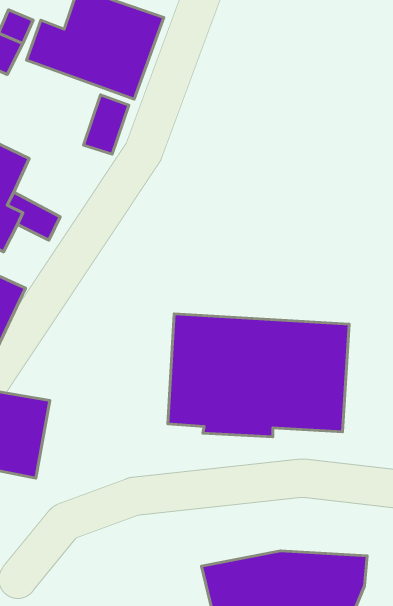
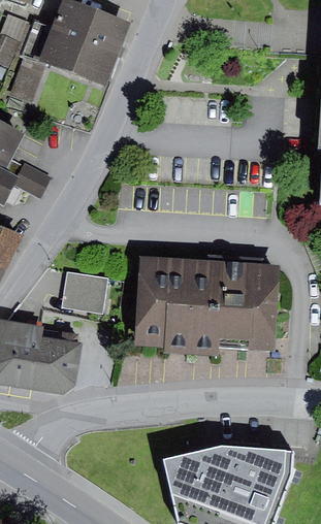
building: [84,95,129,154] -> [8,55,44,102]
building: none -> [60,271,107,315]
building: none -> [29,326,83,394]

